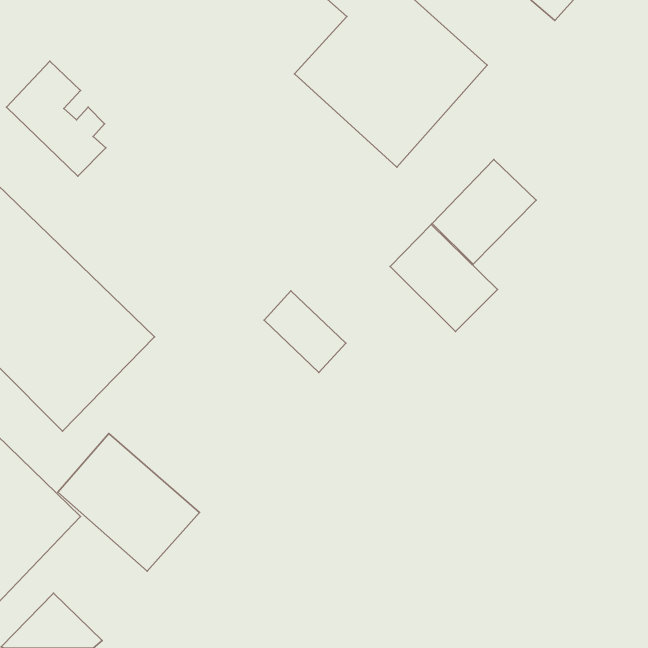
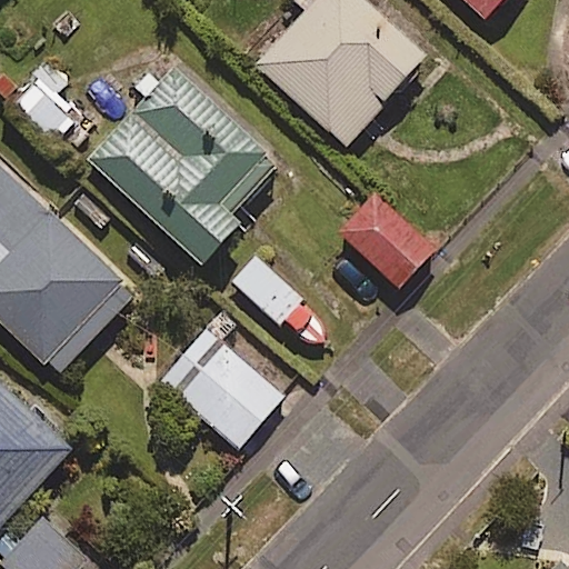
building: none -> [89,66,279,267]
building: [432,159,536,264] -> none
building: [58,433,199,571] -> [159,328,282,448]

